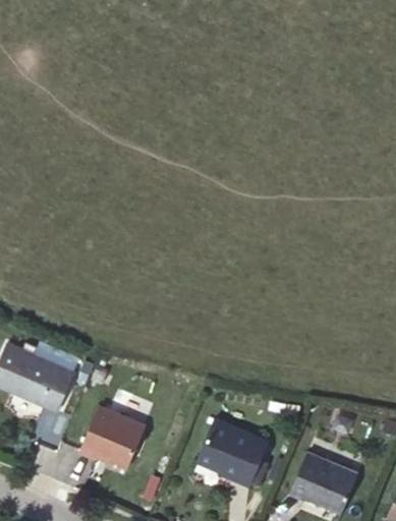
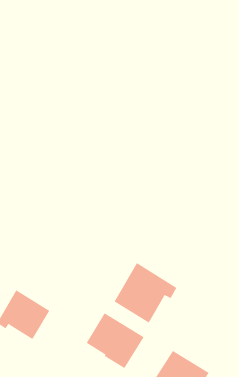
building: none -> [114,262,177,323]

